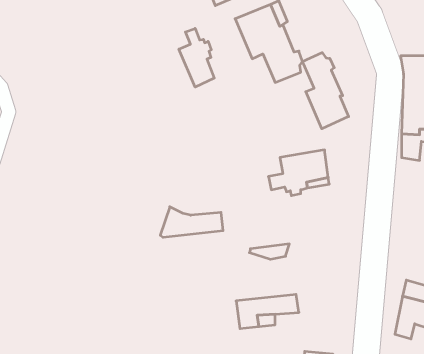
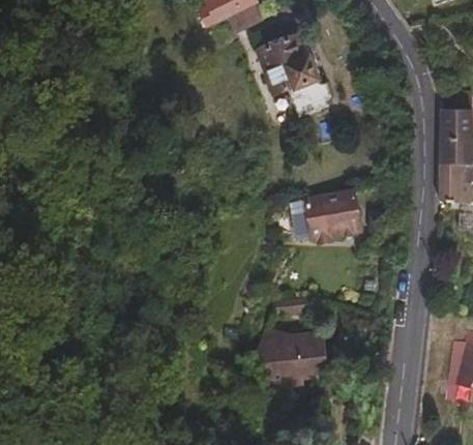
building: [179,28,214,87] -> none
building: [303,53,349,129] -> none
building: [160,207,223,237] -> [256,322,324,355]

